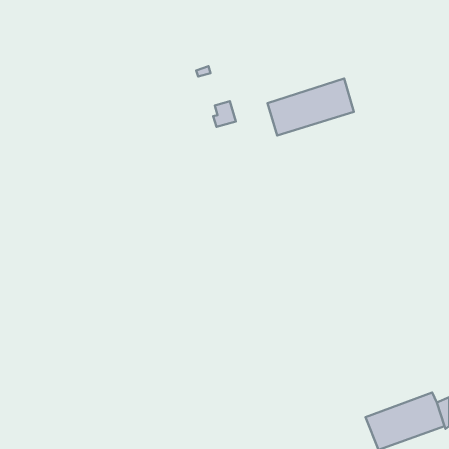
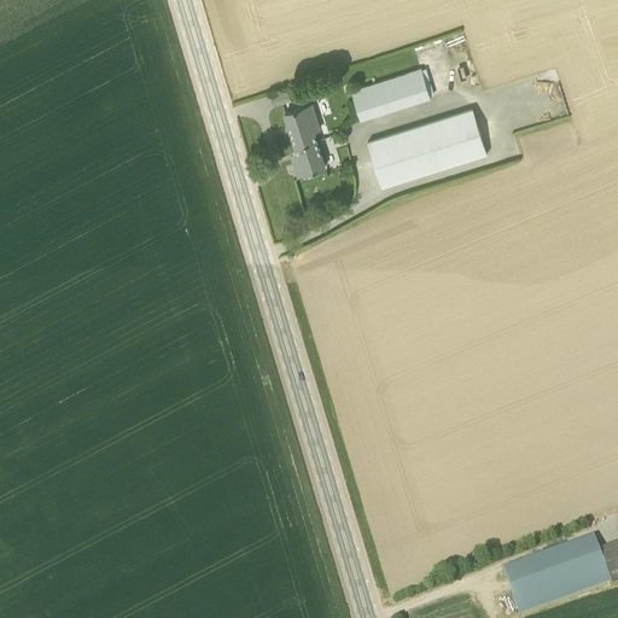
building: none -> [351,70,430,119]
building: none -> [284,104,317,146]

